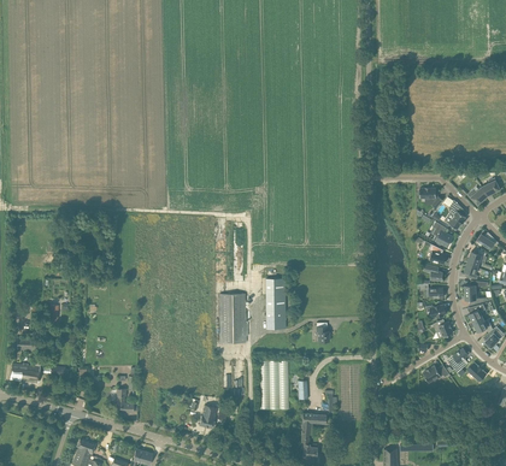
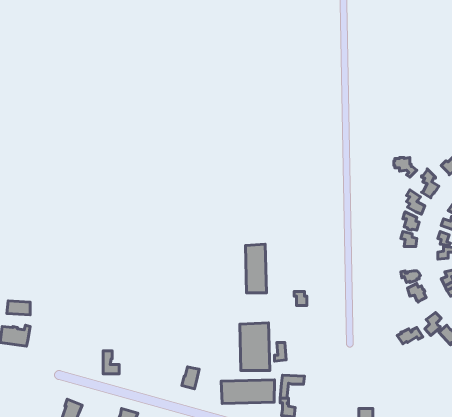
building: [219,295,246,343] -> none
building: none -> [221,380,274,403]

